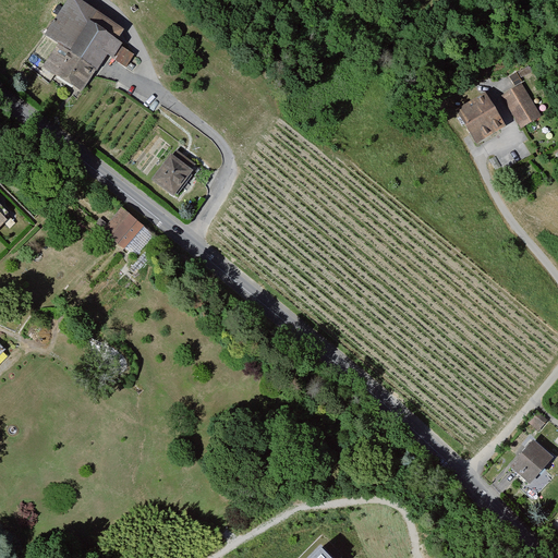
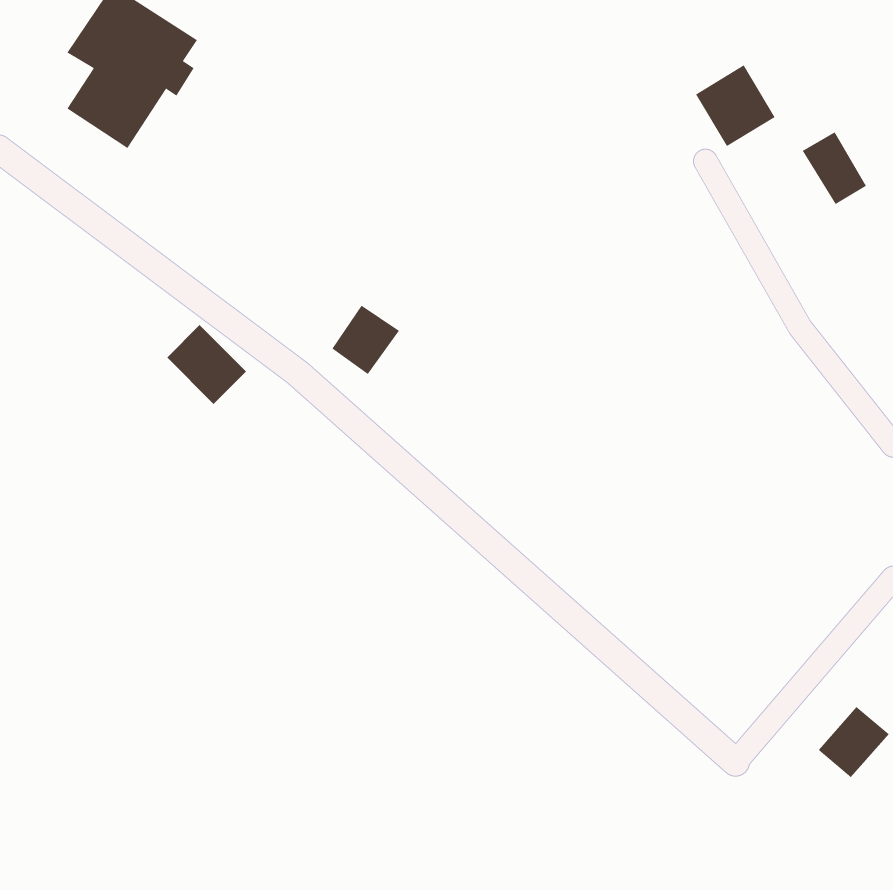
building: [456,92,506,143] -> [695,65,776,147]
building: [151,153,194,196] -> [331,305,400,375]

